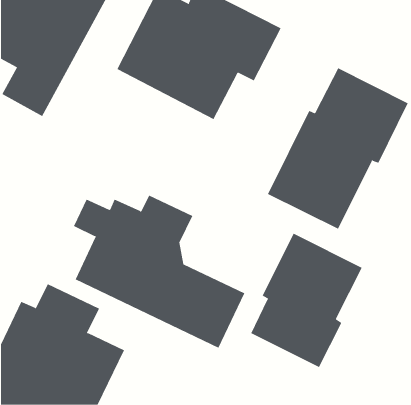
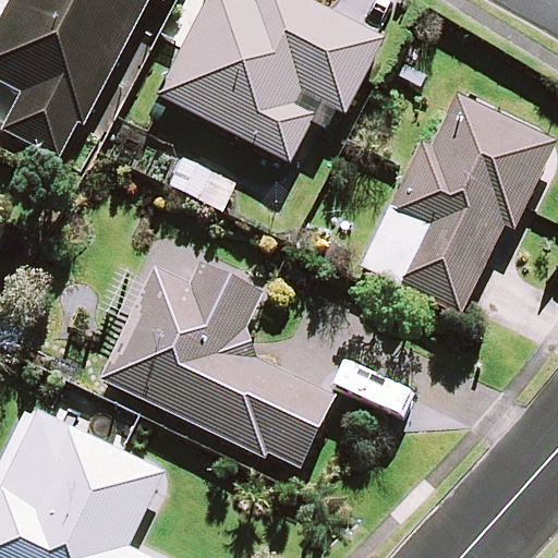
building: [251,233,363,368] -> none

